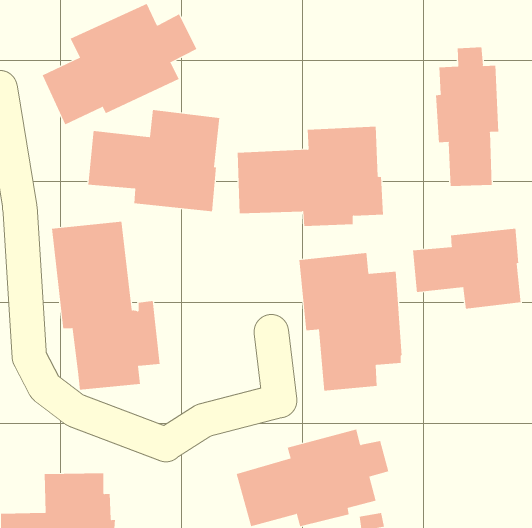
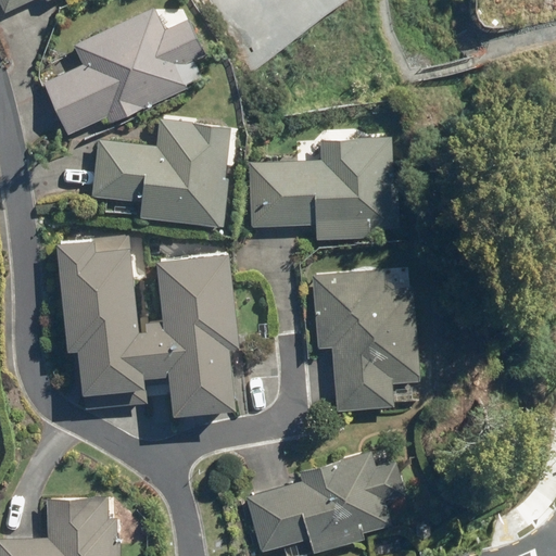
building: [436,47,499,187] -> none
building: [413,228,521,310] -> none
building: none -> [154,250,238,414]

